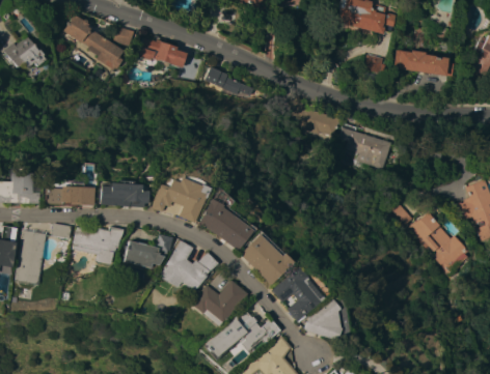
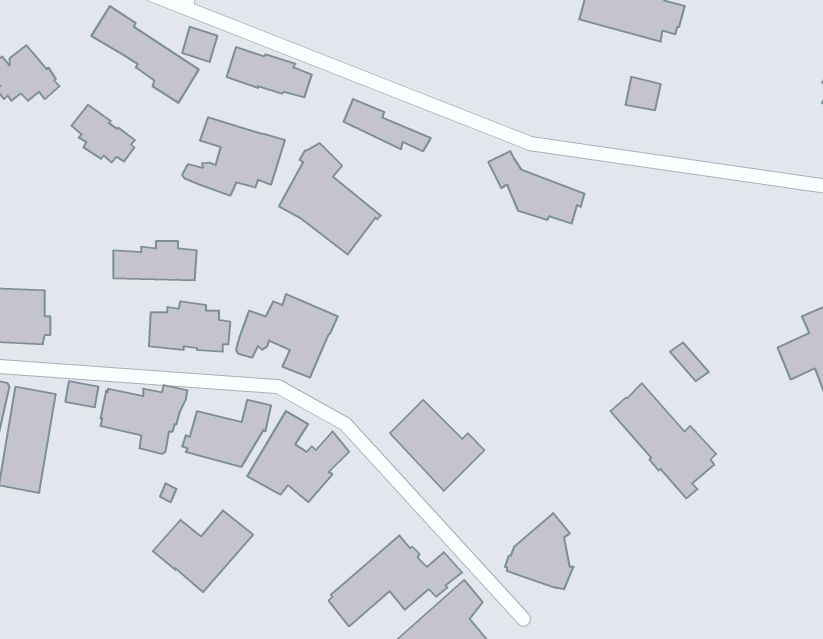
building: [398,50,457,76] -> none
building: none -> [72,105,135,162]
building: none -> [182,117,285,196]
building: [343,126,394,169] -> none
building: [47,182,93,204] -> [113,241,197,280]
building: [193,189,250,251] -> [279,143,381,255]
building: [409,211,468,276] -> [610,383,716,498]
building: [266,266,319,320] -> none
building: [186,280,242,325] -> [153,510,253,592]

